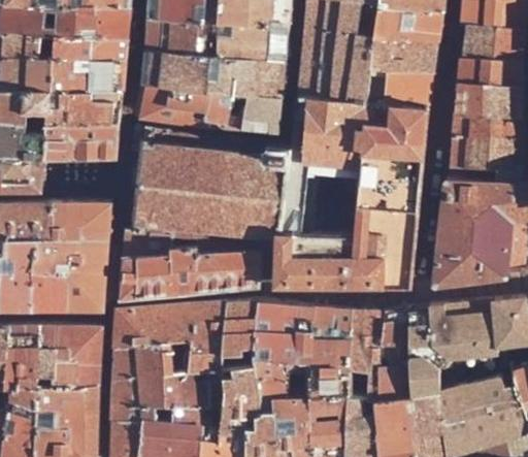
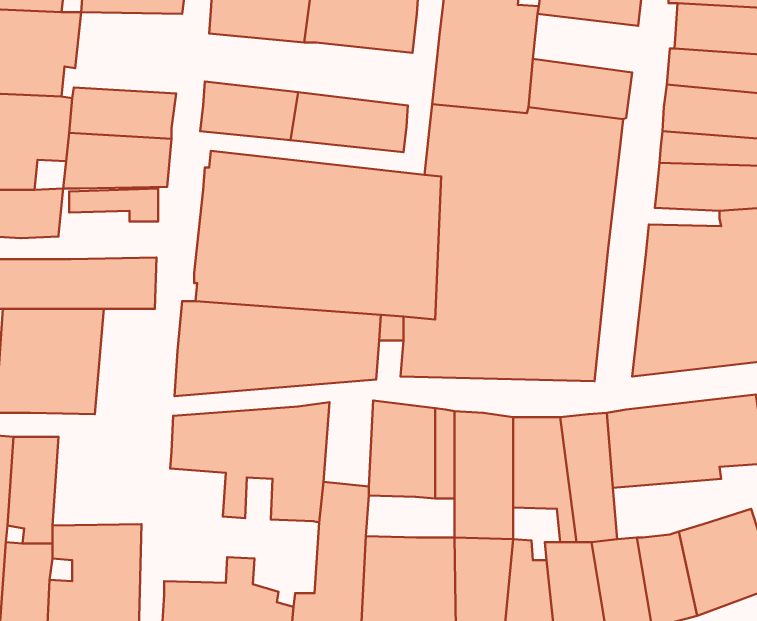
building: [52,37,126,93] -> none
building: [366,38,438,78] -> none
building: [141,52,284,101] -> none
building: [66,240,107,313] -> none
building: [223,303,257,362] -> none
building: [37,328,100,389] -> none
building: [113,350,216,445] -> none
building: [252,368,287,397] -> none

